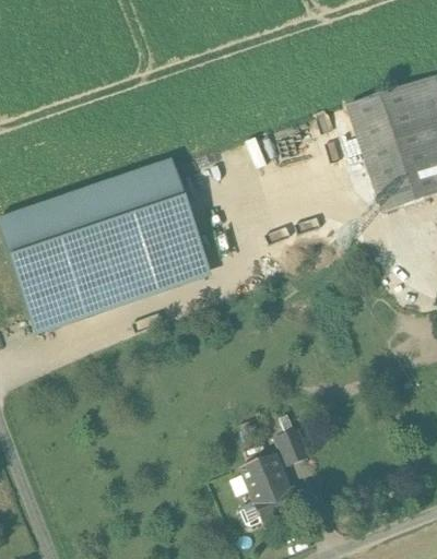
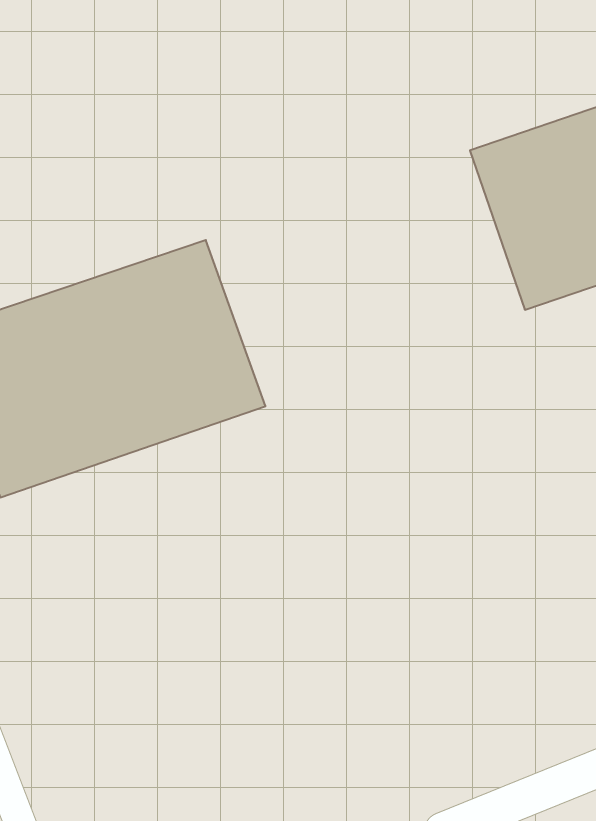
building: [276,427,308,462] -> none
building: [240,451,303,523] -> none

